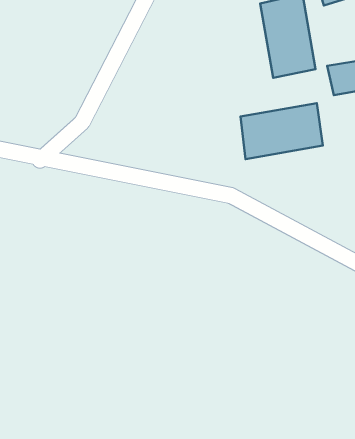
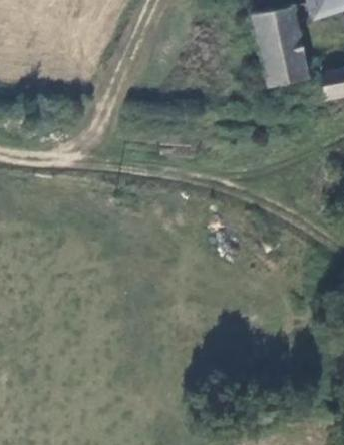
building: [240,103,323,159] -> none

